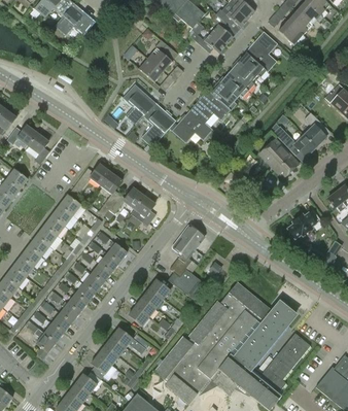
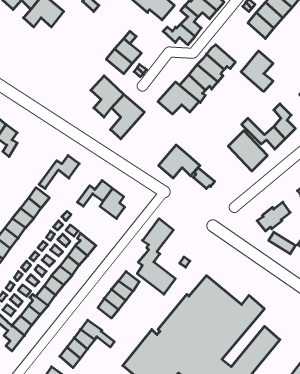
building: [245,31,277,71] -> [241,51,273,91]
building: [171,109,212,142] -> [159,145,200,178]
building: [97,171,121,216] -> none

